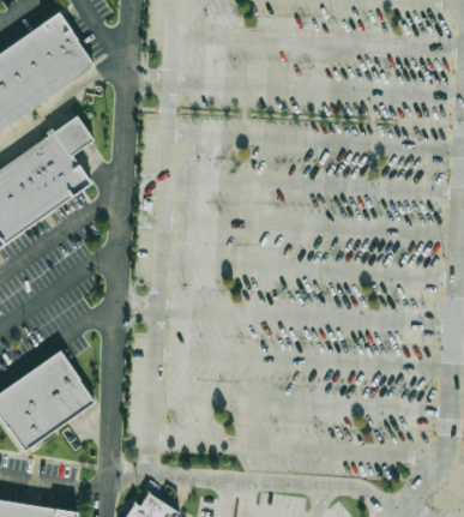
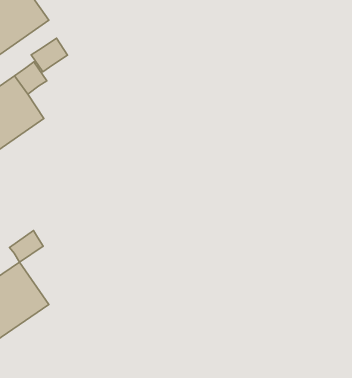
building: none -> [31,38,67,72]
building: none -> [9,231,43,262]

